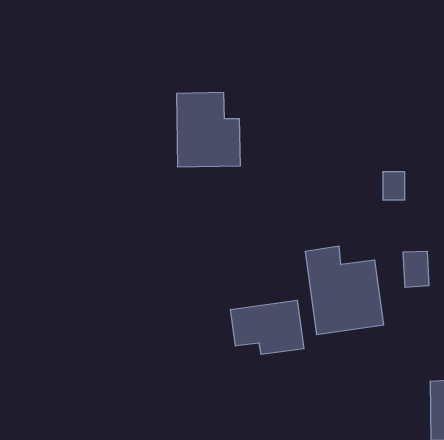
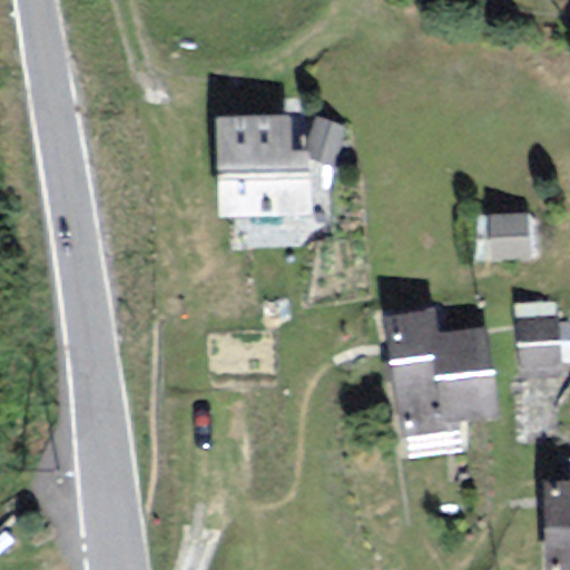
building: [231,300,304,354] -> none

